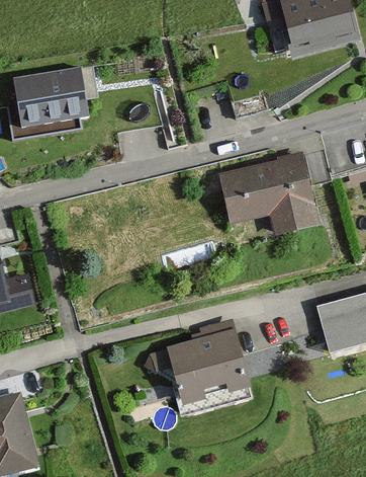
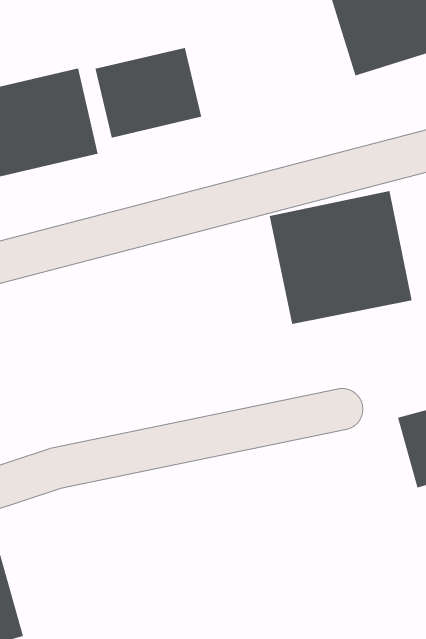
building: none -> [95,47,202,138]
building: [153,329,252,420] -> none

